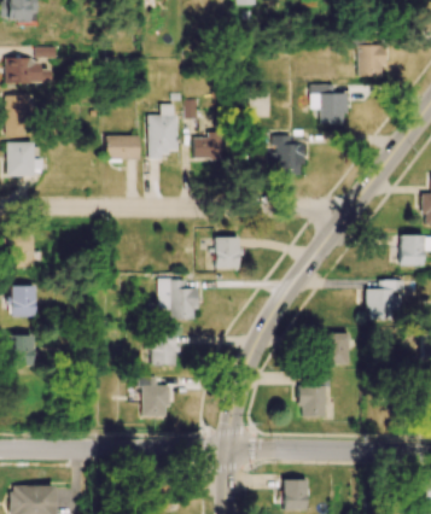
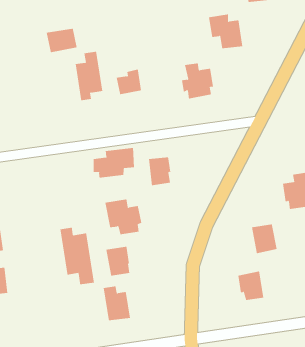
building: [106,135,140,159] -> [46,28,78,53]
building: none -> [93,147,135,178]
building: none -> [60,227,94,285]

